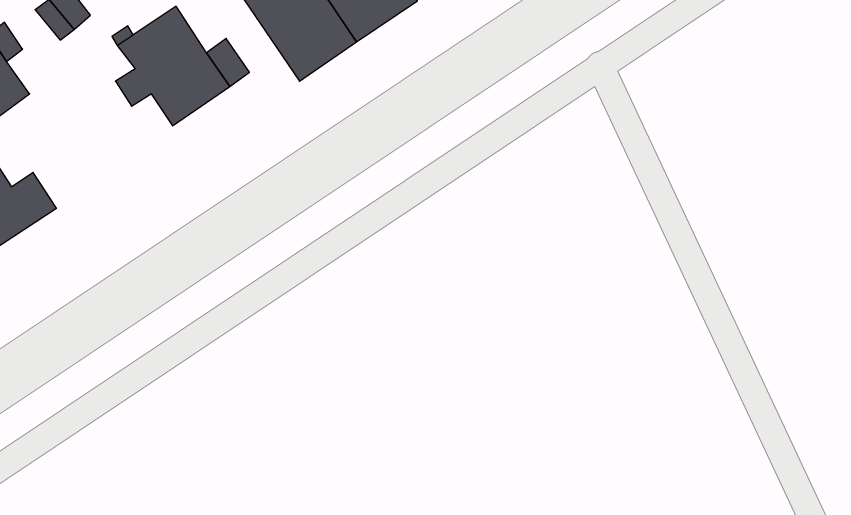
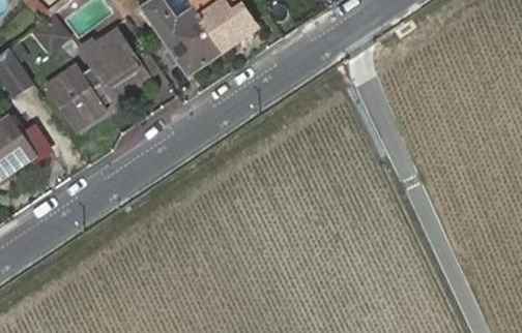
building: none -> [46,65,106,129]

